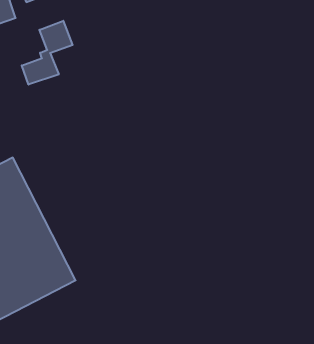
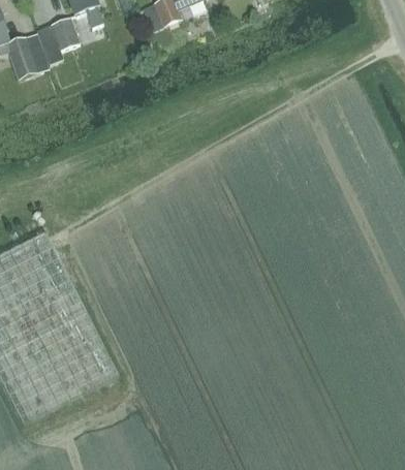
building: [22,21,73,85] -> none

